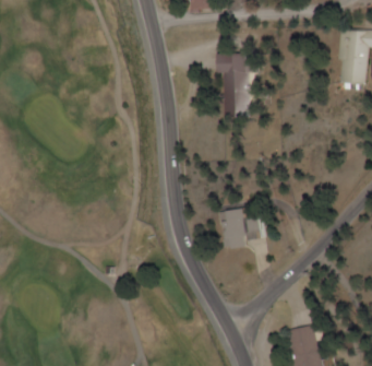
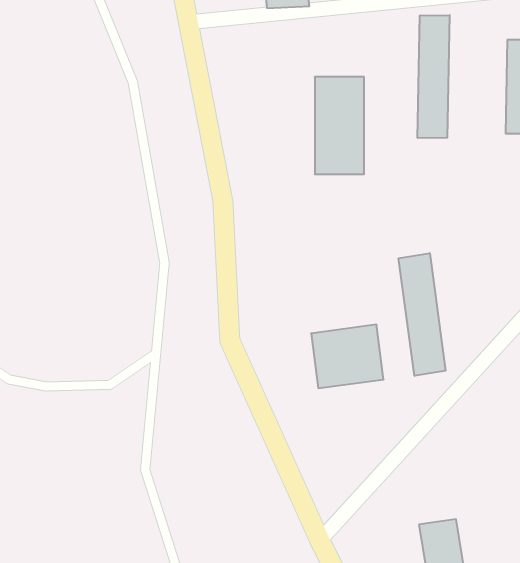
building: none -> [418,15,450,138]
building: none -> [399,253,446,376]

